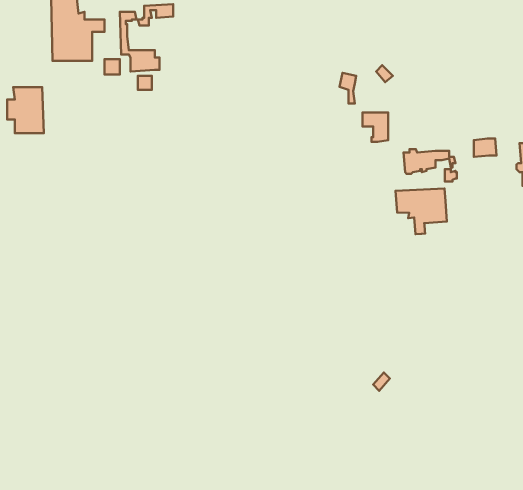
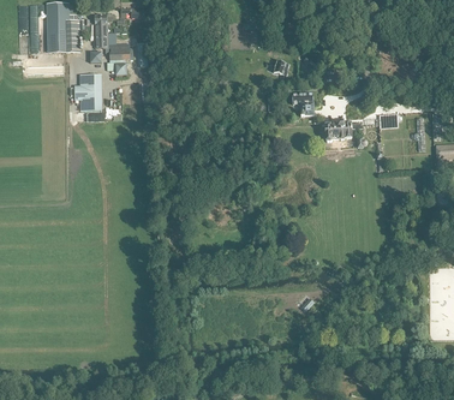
building: [7,87,44,133] -> [72,76,101,112]
building: [395,188,447,234] -> none

